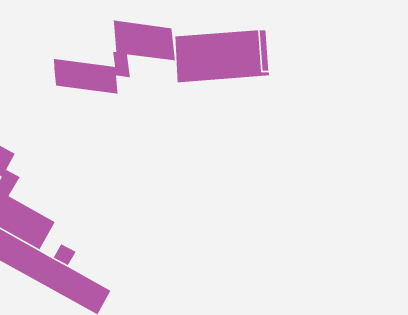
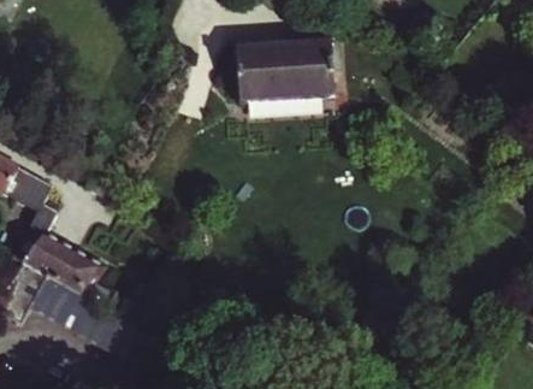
building: [53,19,176,95] -> none

